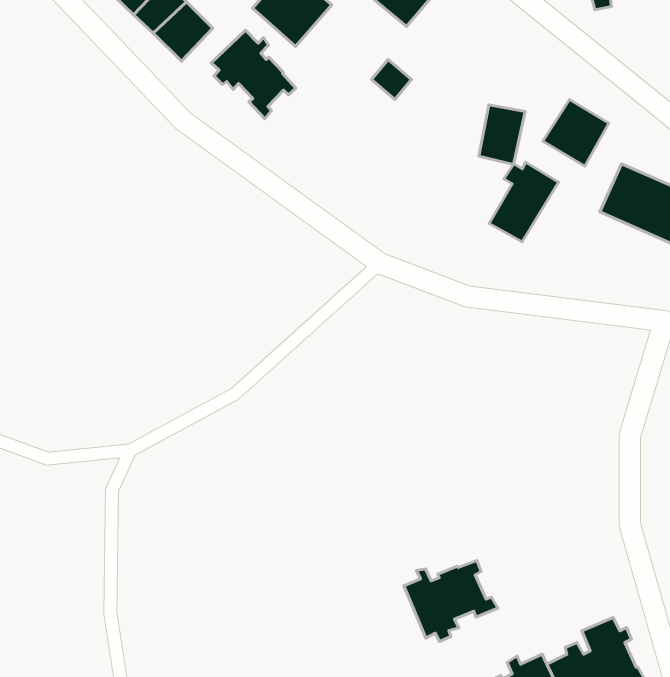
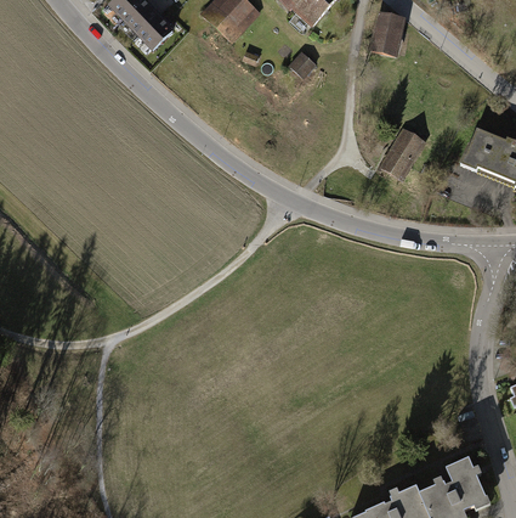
building: [211,30,296,119] -> none
building: [543,99,609,166] -> none
building: [479,105,525,165] -> [374,12,408,56]
building: [404,561,498,642] -> none

